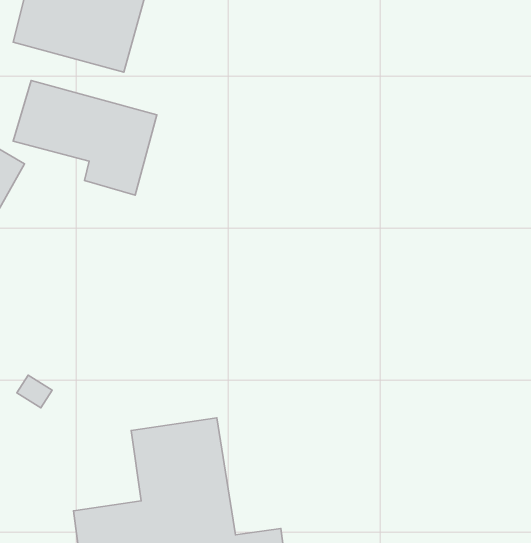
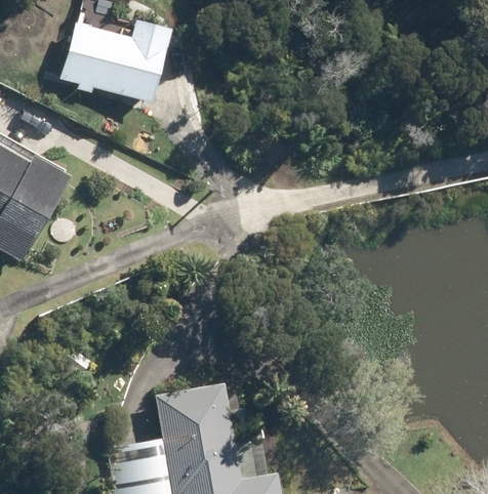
building: [13,81,157,195] -> none

